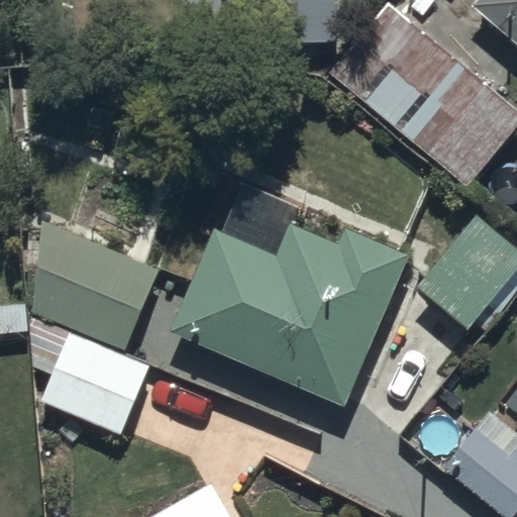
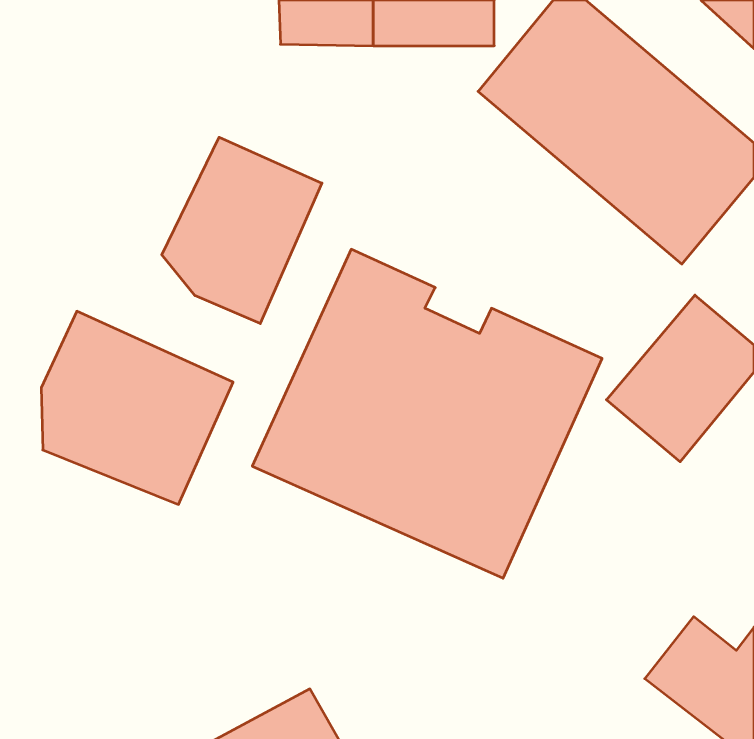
building: none -> [162,137,322,324]
building: [29,318,152,438] -> none

